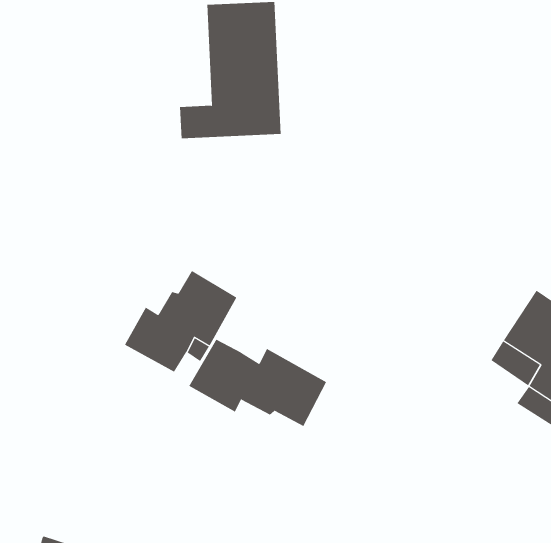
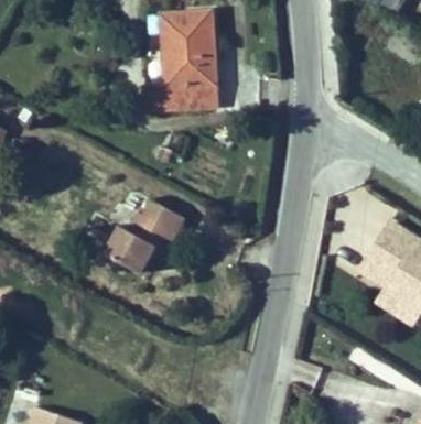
building: [189,339,327,427] -> none

